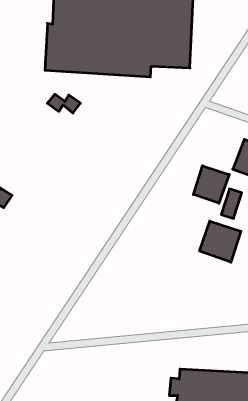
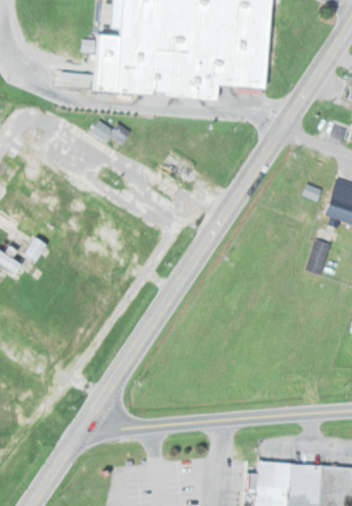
building: [193,166,229,203] -> none
building: [200,221,241,262] -> none

